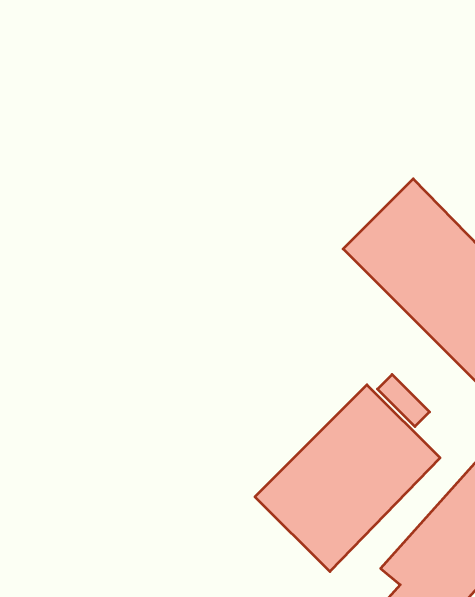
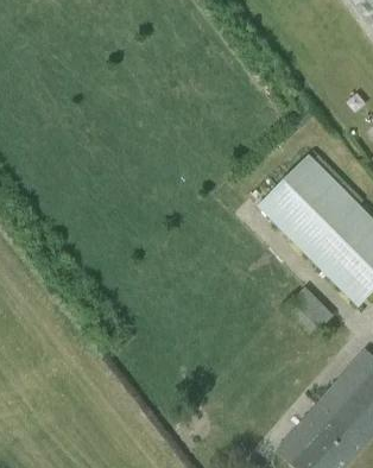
building: [255,385,440,572] -> none

